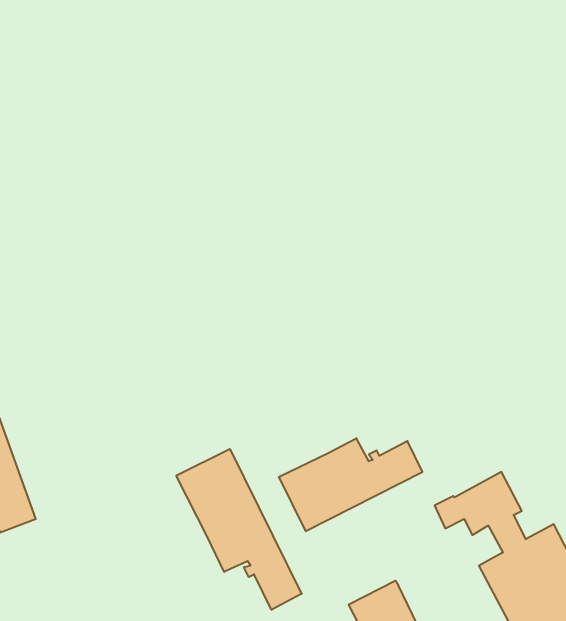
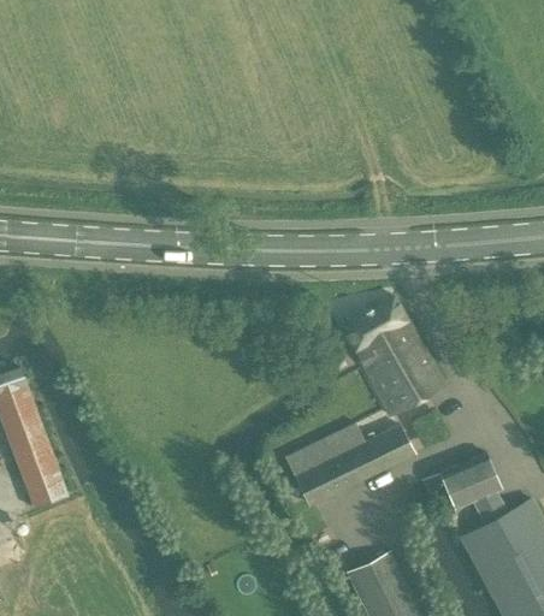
building: none -> [343,295,447,414]
building: [176,449,302,610] -> none

